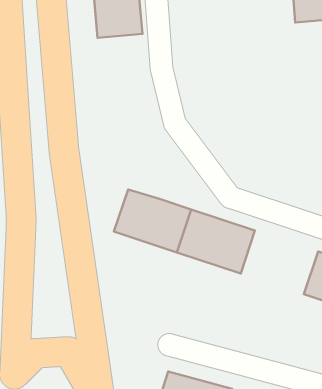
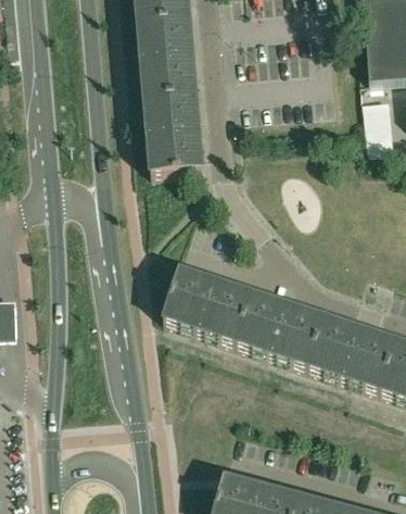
building: none -> [144,91,202,172]
building: none -> [307,315,395,388]

